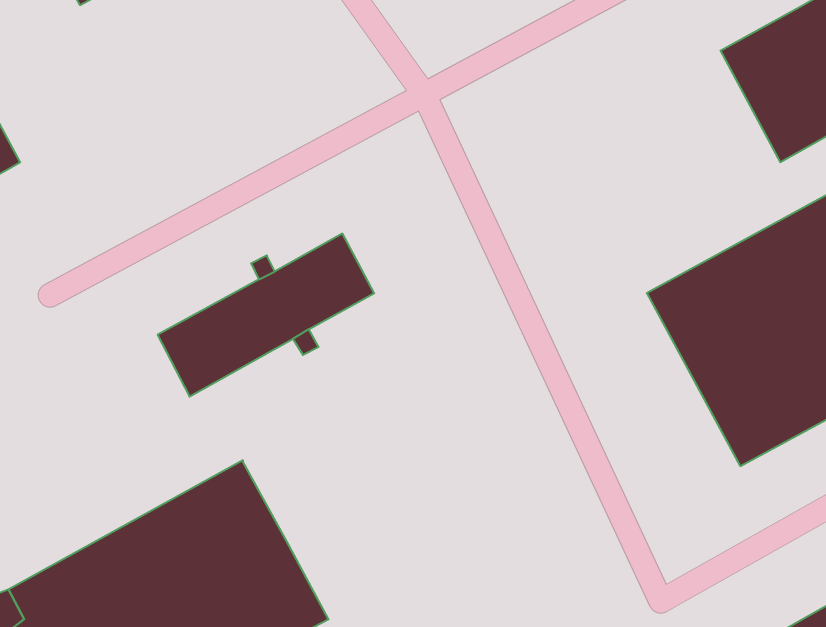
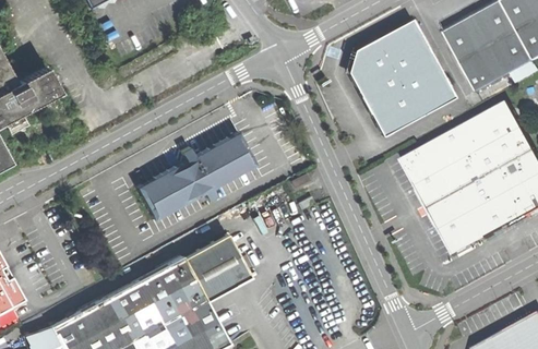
building: none -> [346,19,453,137]
building: none -> [181,233,249,300]

